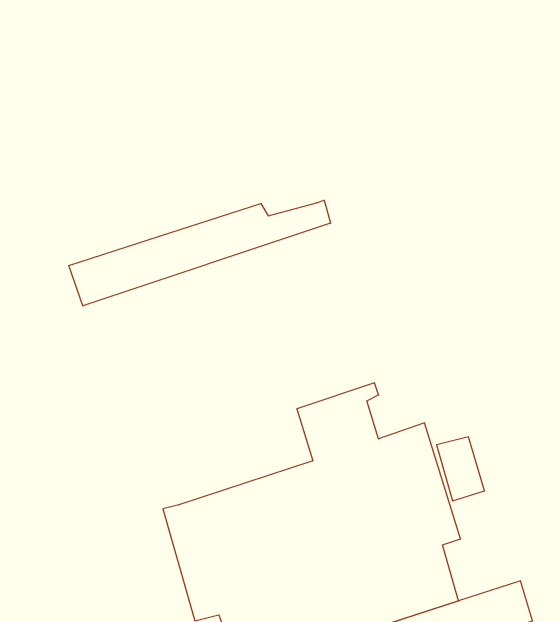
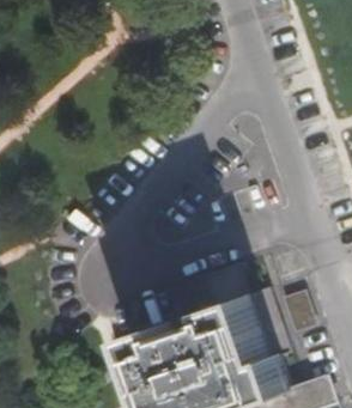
building: [69,200,331,306] -> none

